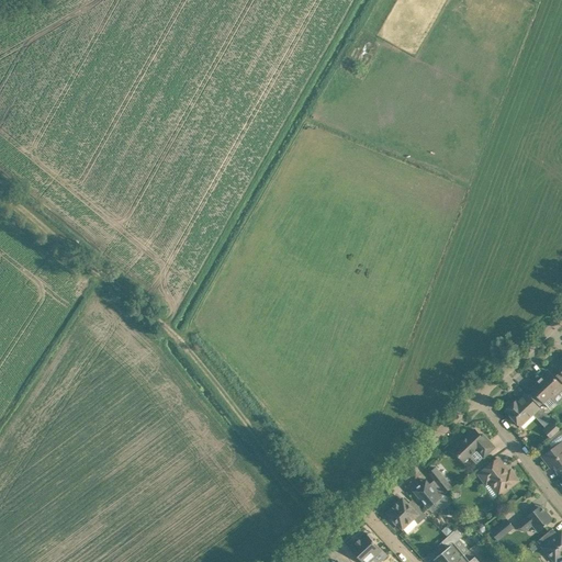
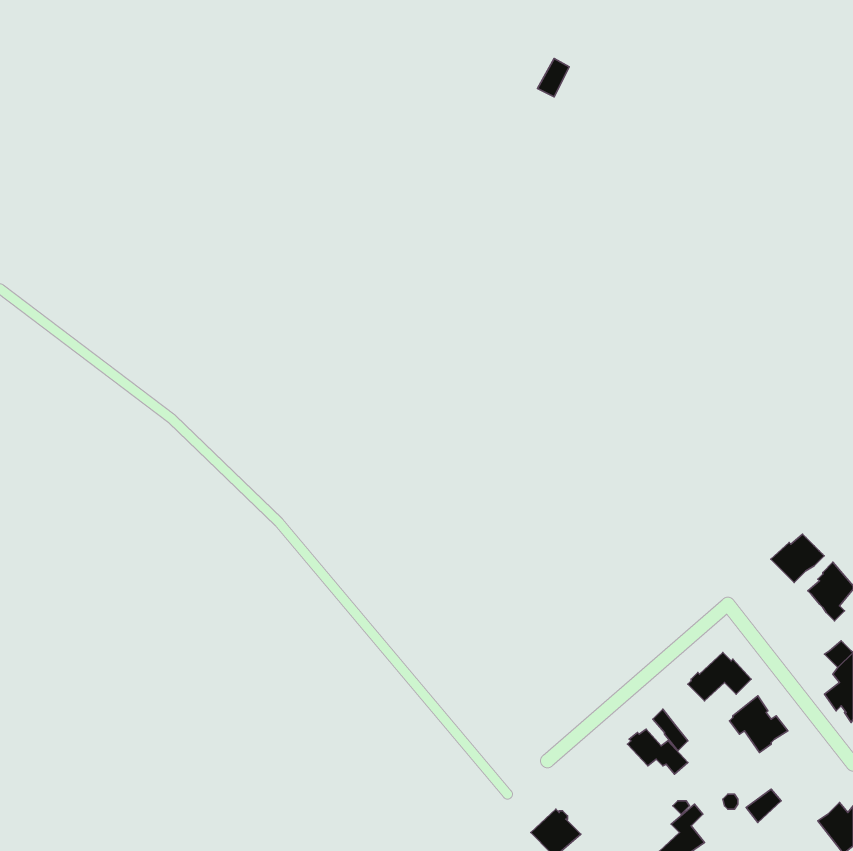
building: [505,395,540,427] -> [771,534,824,583]
building: [389,499,427,529] -> none
building: [518,507,553,532] -> none

